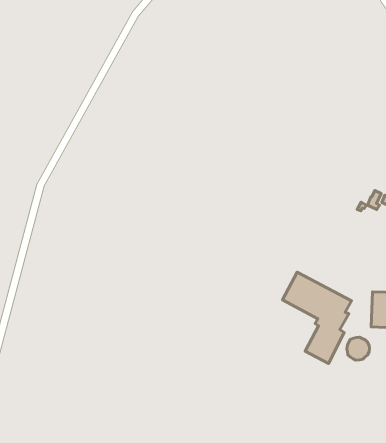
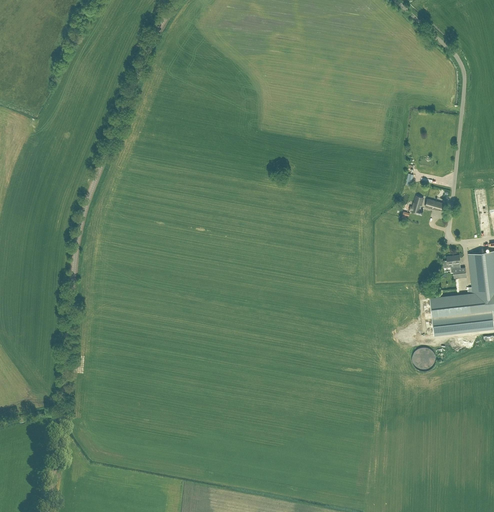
building: [283,272,351,363] -> none

